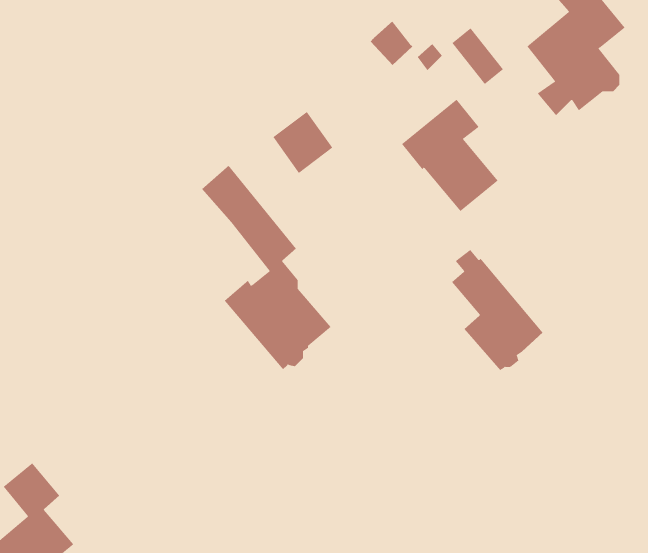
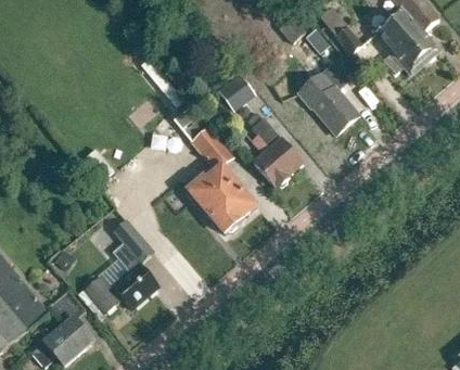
building: [451,249,543,371] -> [244,111,302,187]
building: none -> [86,222,157,311]

